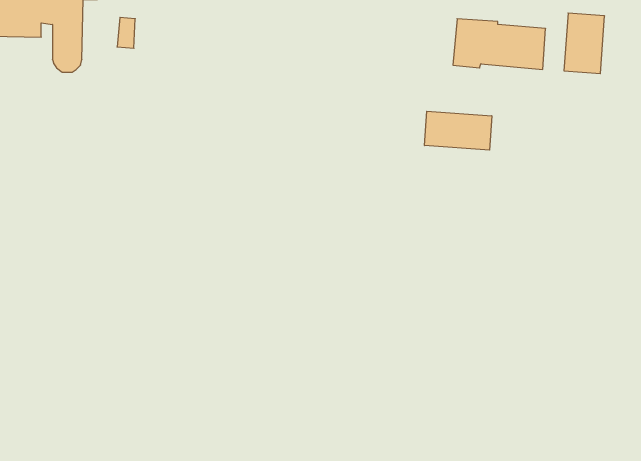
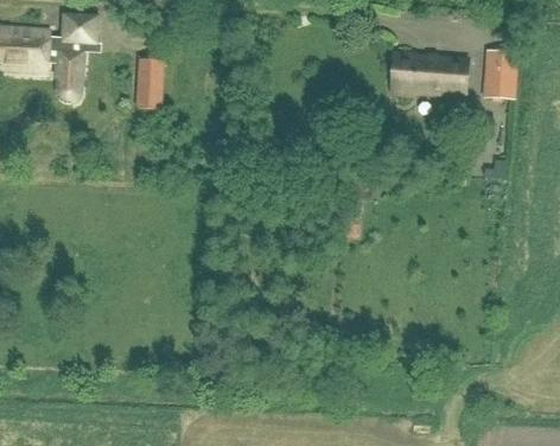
building: none -> [133,55,161,102]
building: [425,111,492,150] -> none

